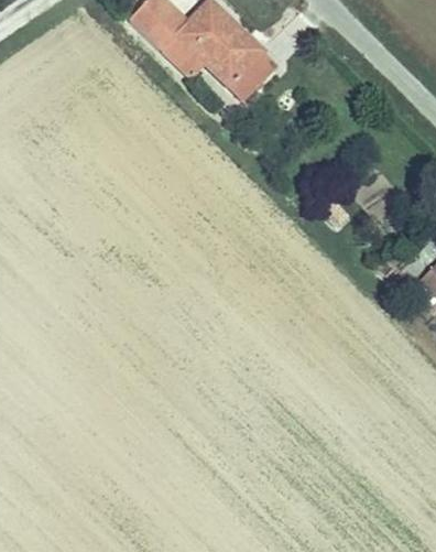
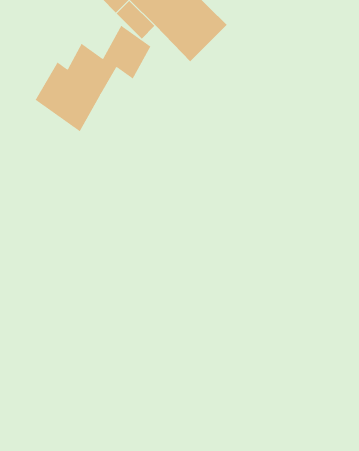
building: none -> [35,25,151,132]

